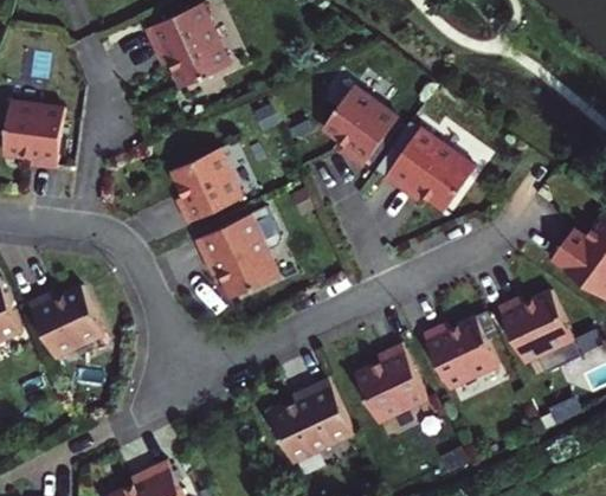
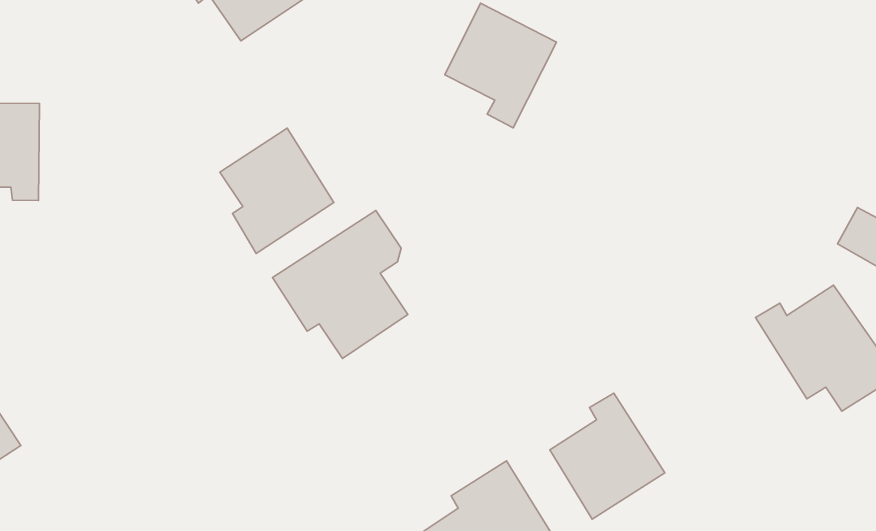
building: [370,118,471,206] -> none
building: [27,288,104,357] -> none
building: [421,318,497,388] -> none

